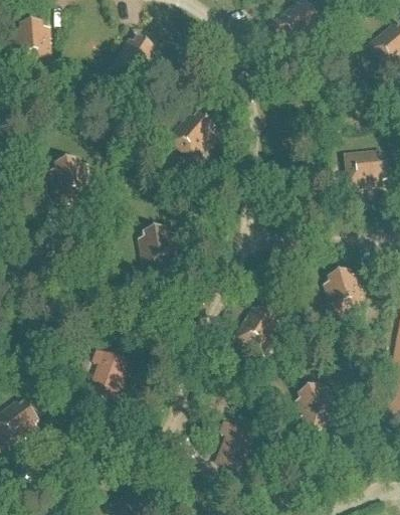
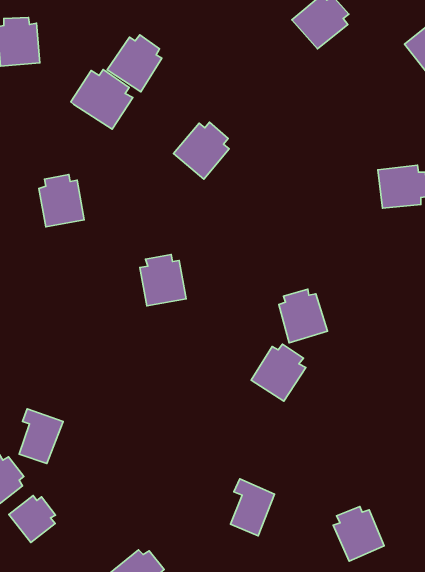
building: none -> [71,69,133,129]
building: [324,268,366,314] -> [279,289,327,343]
building: [89,347,128,394] -> [19,409,63,463]
building: [294,381,339,428] -> [333,506,384,561]
building: none -> [9,496,56,543]

